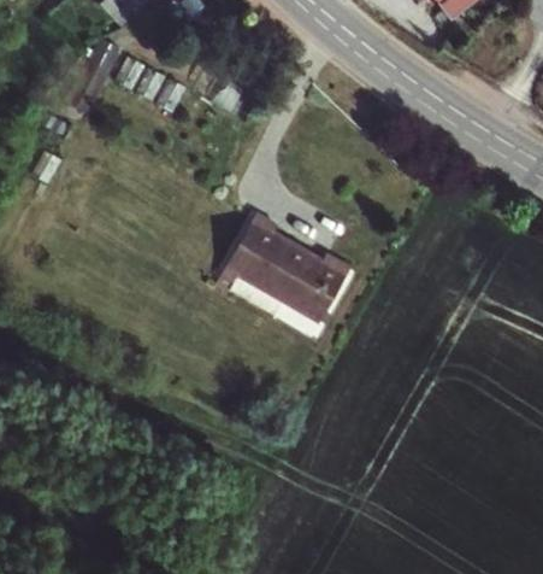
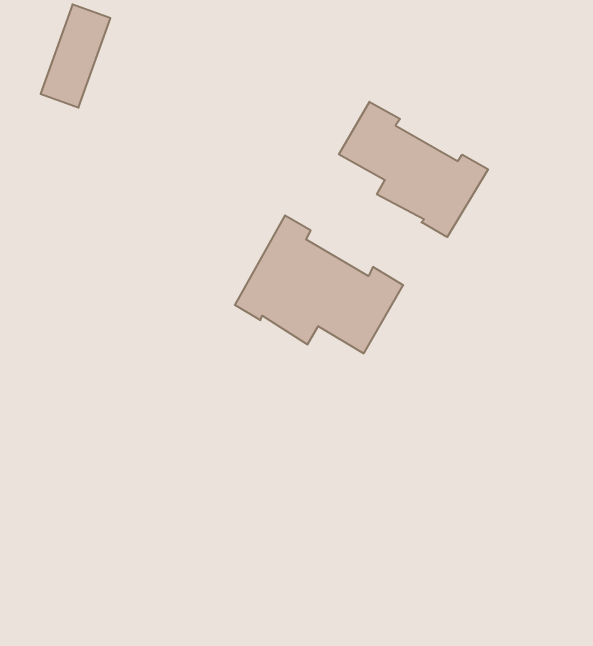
building: none -> [339,102,488,237]

